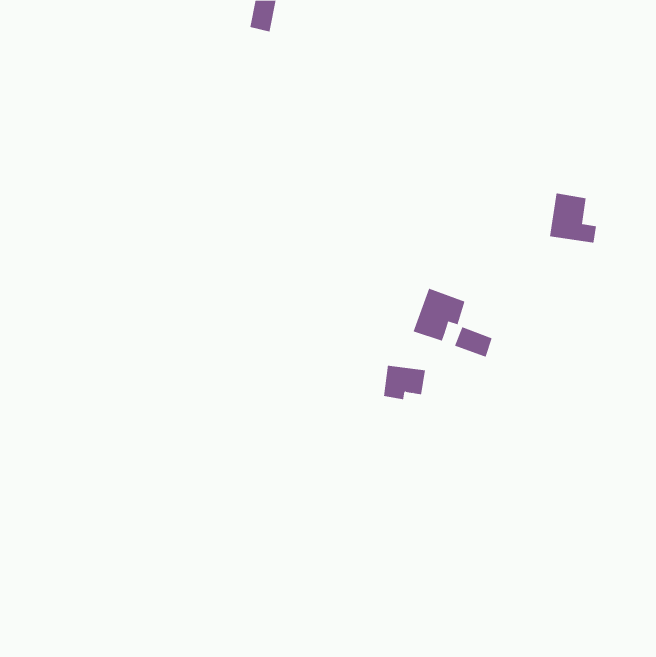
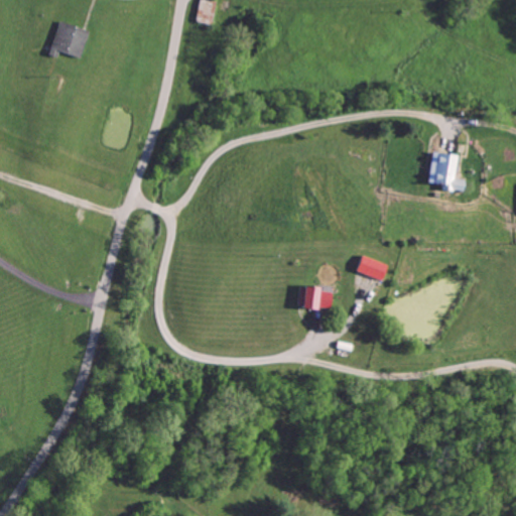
building: none -> [49,22,88,58]
building: [413,288,465,341] -> none

